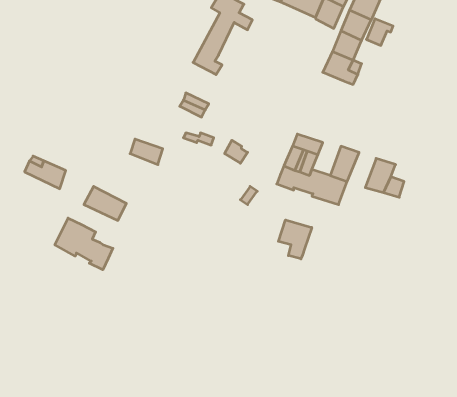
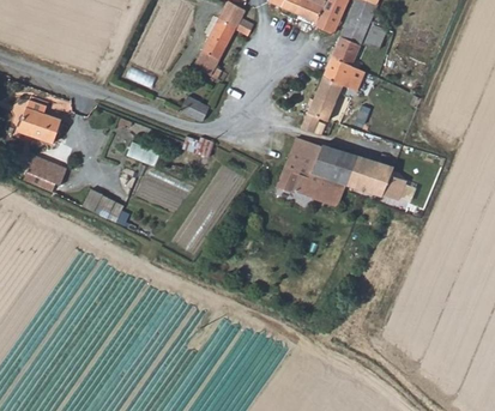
building: none -> [300,77,342,132]
building: none -> [17,97,61,143]
building: none -> [310,145,339,179]
building: none -> [345,156,374,191]
building: [55,218,113,270] -> none
building: [278,220,312,259] -> none

